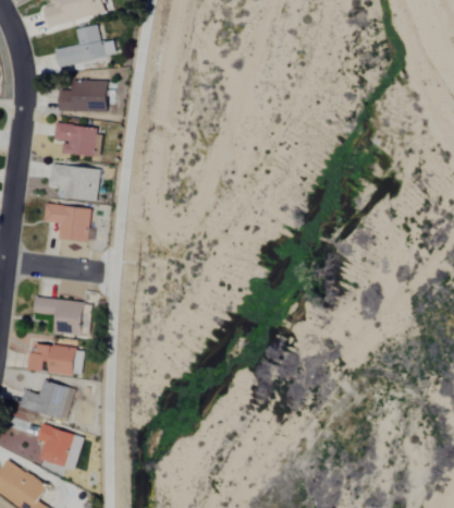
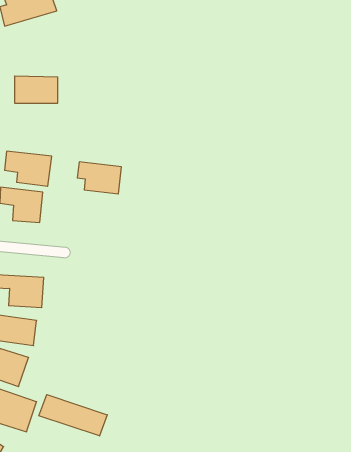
building: [56,25,115,66] -> none
building: [53,123,101,158] -> [77,162,121,194]
building: none -> [39,395,107,436]

